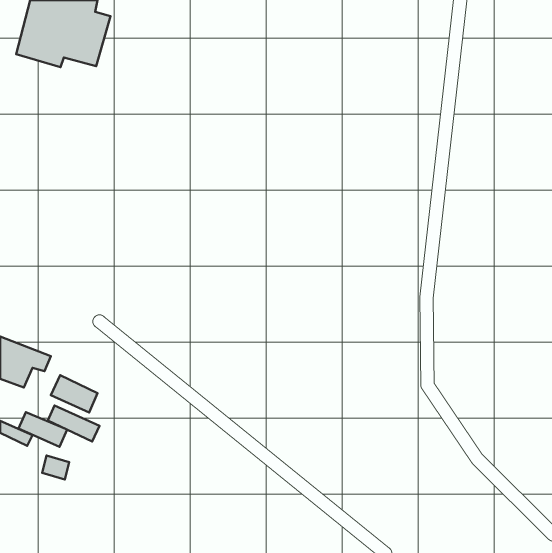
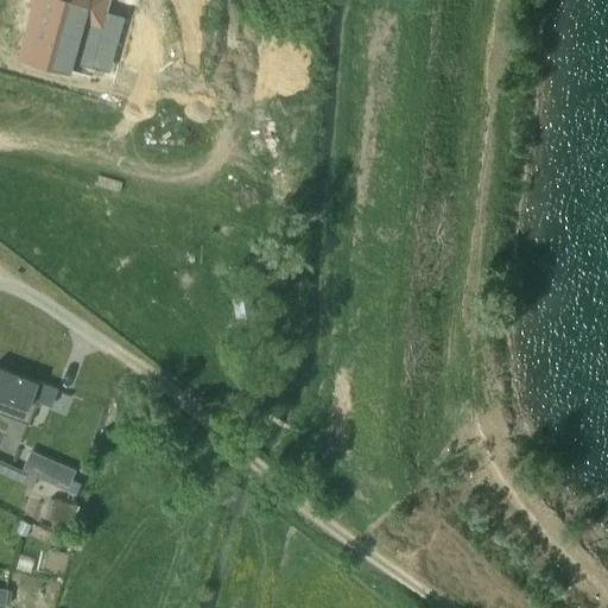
building: [51,375,97,412] -> none
building: [48,405,100,441] -> none

